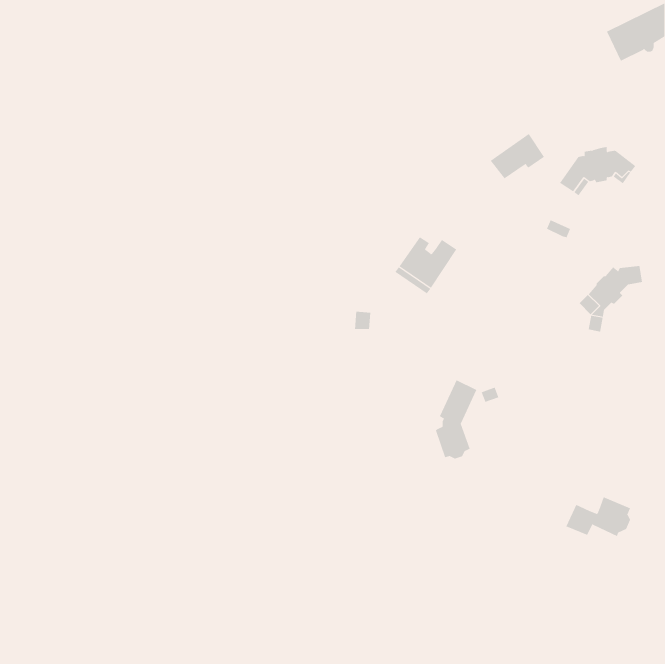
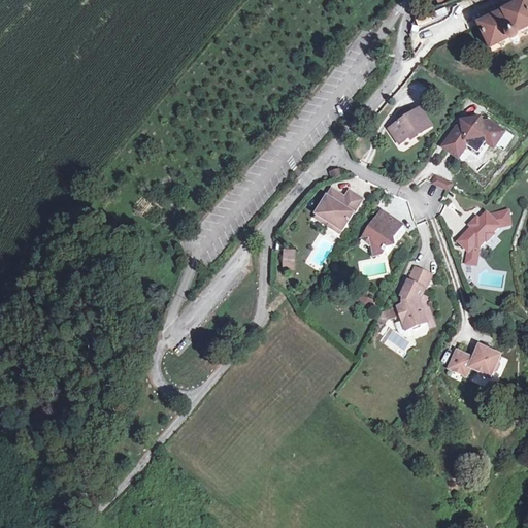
building: none -> [360,208,400,254]
building: [435,379,477,459] -> [397,265,430,328]
building: [565,496,631,537] -> [448,343,499,375]

